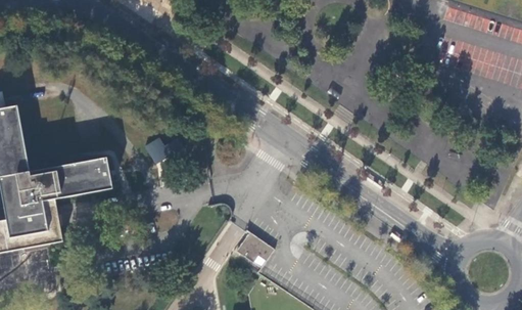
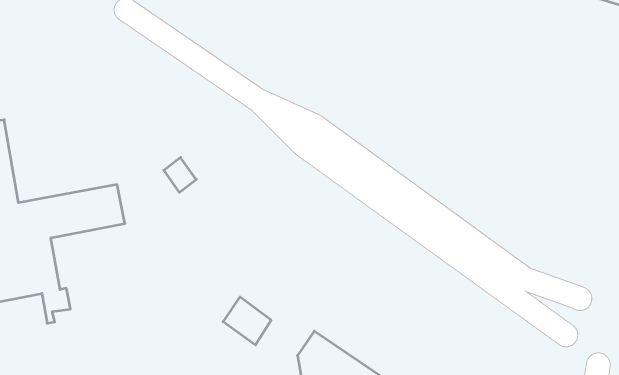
building: [236,229,274,267] -> [223,297,271,345]

